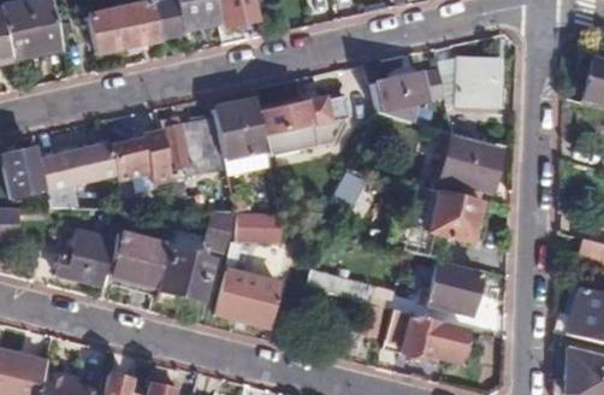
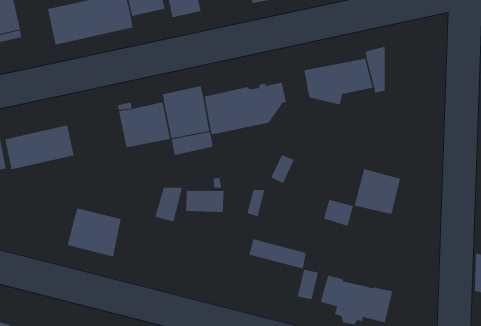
building: [460,54,501,105] -> none
building: [112,131,173,182] -> none
building: [436,138,498,200] -> none
building: [57,231,111,284] -> none
building: [159,244,211,302] -> none
building: [431,263,482,312] -> none
building: [219,267,282,323] -> none

